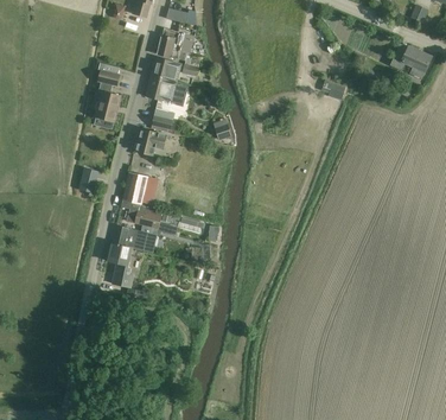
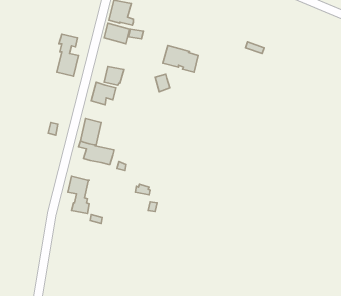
building: [390,42,433,77] -> none
building: [146,74,189,106] -> [163,46,198,72]
building: [113,224,158,252] -> none

